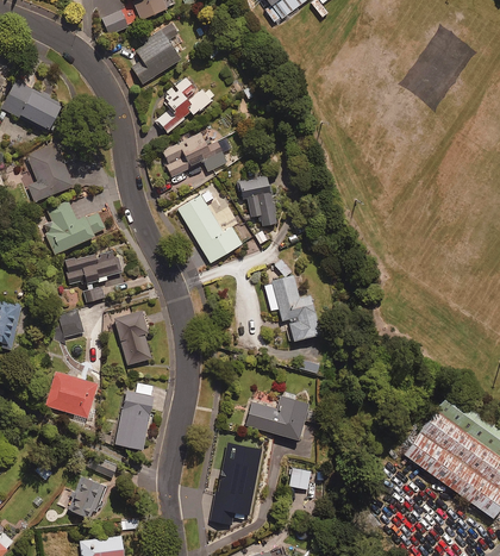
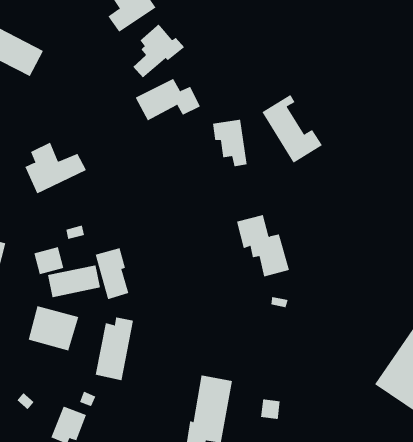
building: [21,143,75,204] -> none
building: [176,190,240,263] -> [261,94,323,163]
building: [64,250,120,285] -> [47,265,101,298]
building: [244,396,307,441] -> none

